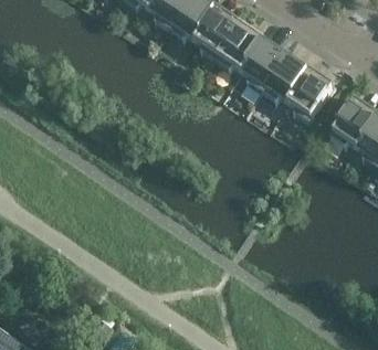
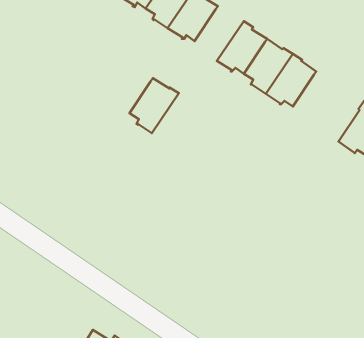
building: [191,8,238,60] -> [130,78,179,133]
building: [284,70,333,123] -> none

